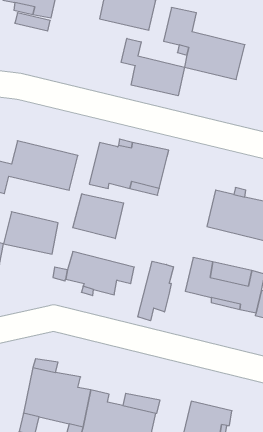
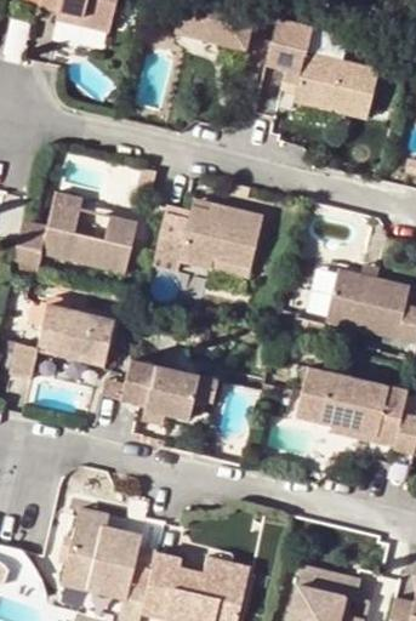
building: [121,38,184,96] -> none
building: [73,194,124,239] -> none
building: [138,261,173,321] -> none

